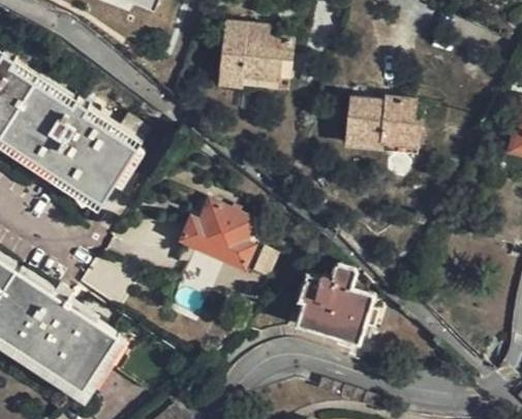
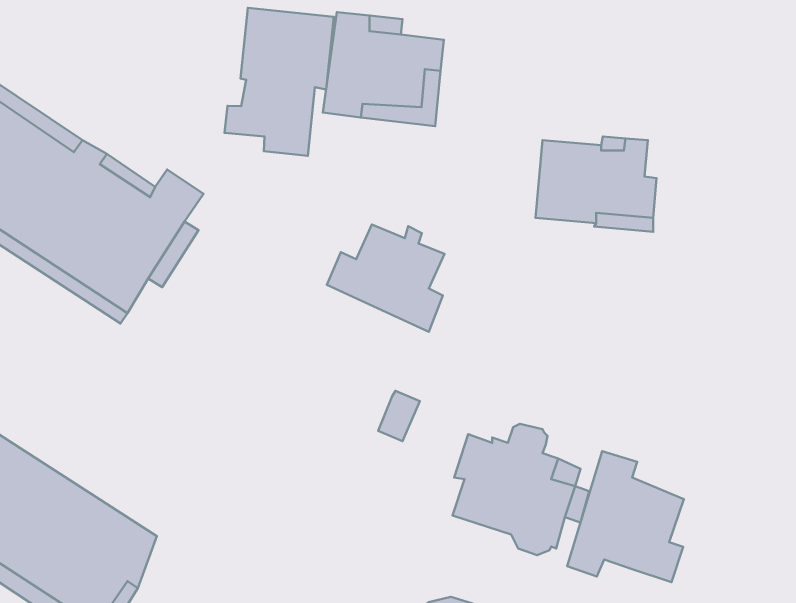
building: none -> [224,8,334,156]
building: [181,206,251,270] -> [327,224,444,332]
building: none -> [567,451,684,582]

